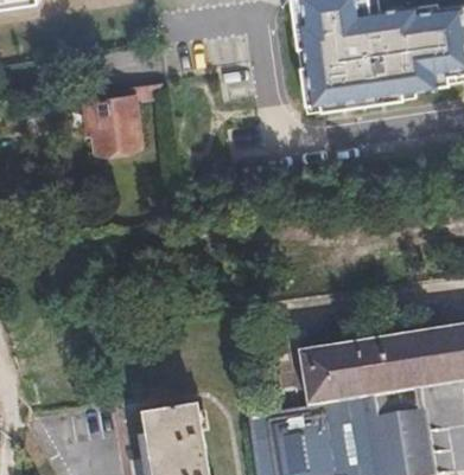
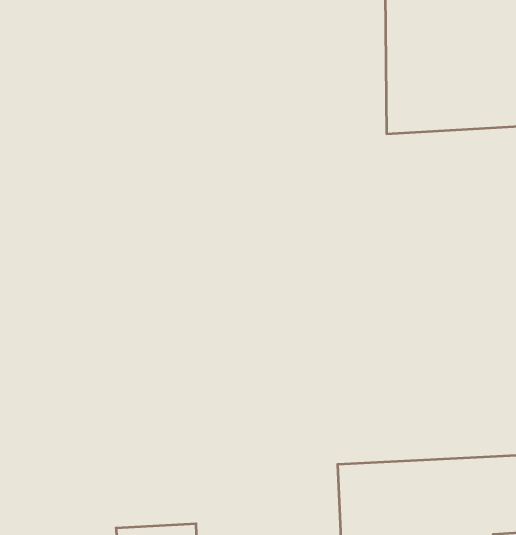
building: [94,96,145,150] -> none

